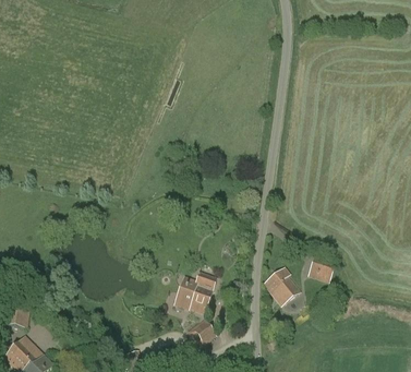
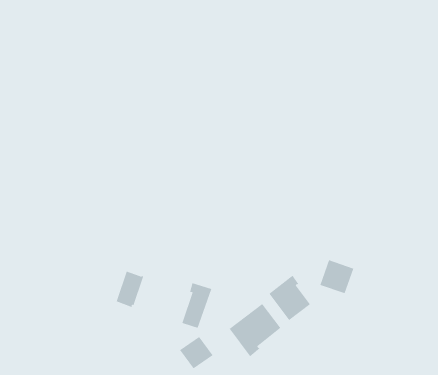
building: [174,277,198,309] -> [116,271,144,308]
building: none -> [229,303,281,357]

